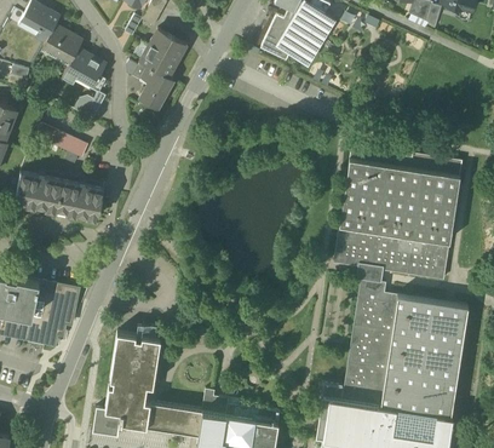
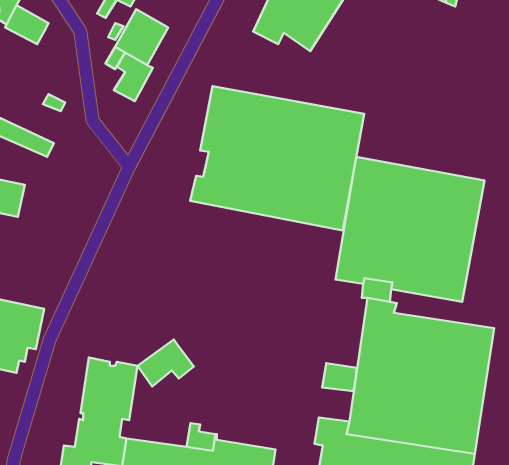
building: [62,50,107,93] -> none
building: none -> [190,86,364,230]
building: [56,183,104,220] -> none
building: none -> [138,339,194,386]
building: none -> [322,363,357,391]

